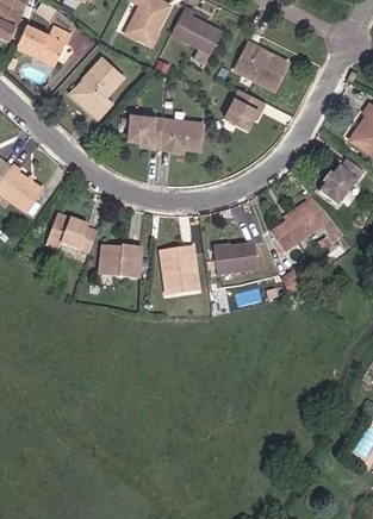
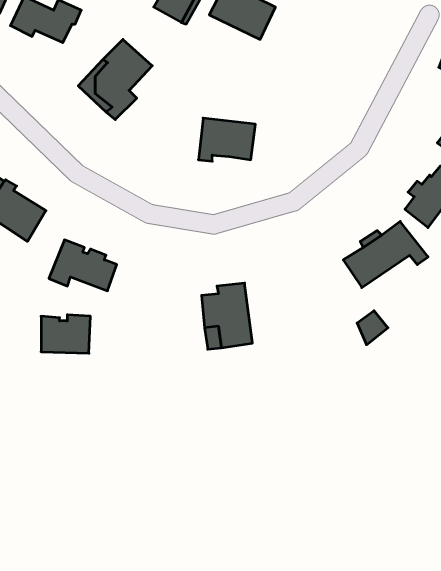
building: [234,45,287,94] -> none
building: [228,90,267,130] -> none
building: [129,115,166,151] -> none
building: [222,240,261,271] -> none
building: [105,245,143,275] -> [41,315,90,353]

